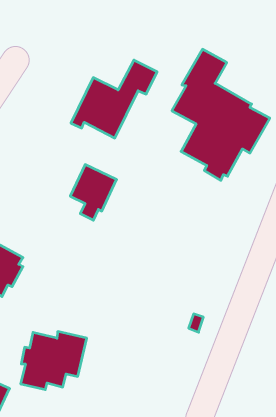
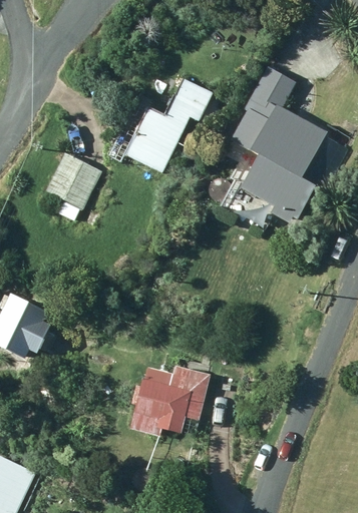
building: [70,165,117,220] -> [46,152,102,219]
building: [21,332,87,390] -> [130,366,211,436]

